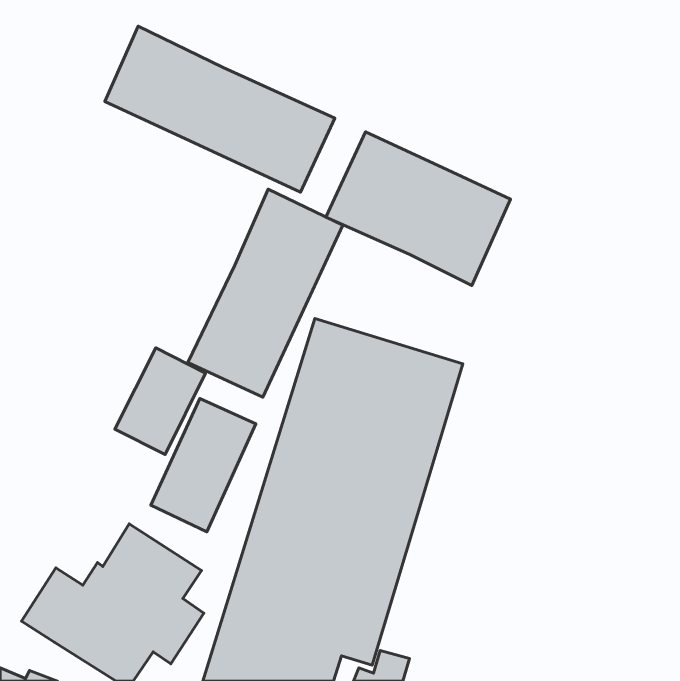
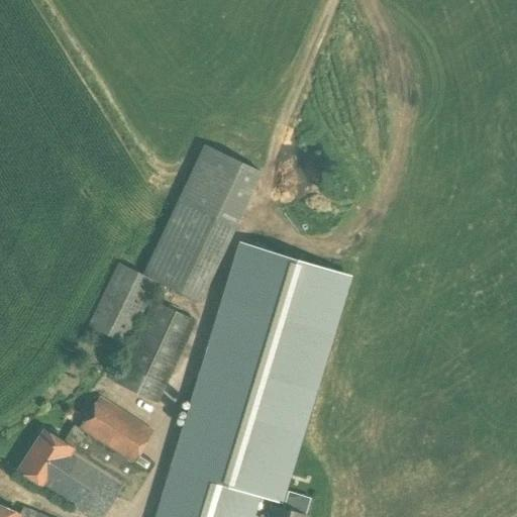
building: [105,26,335,192] -> none
building: [326,132,511,285] -> none

